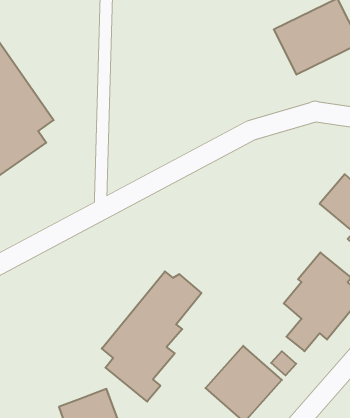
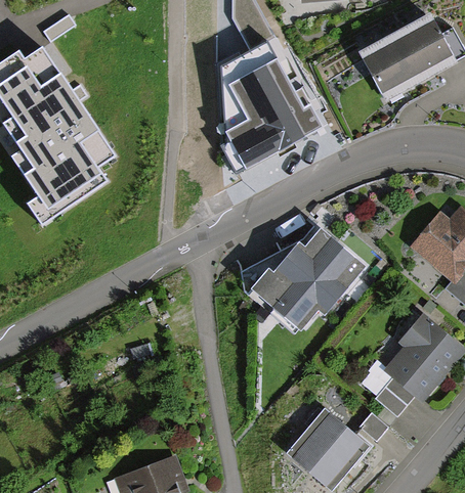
building: none -> [219,33,319,165]
building: none -> [252,229,367,331]
building: [102,271,201,402] -> none

